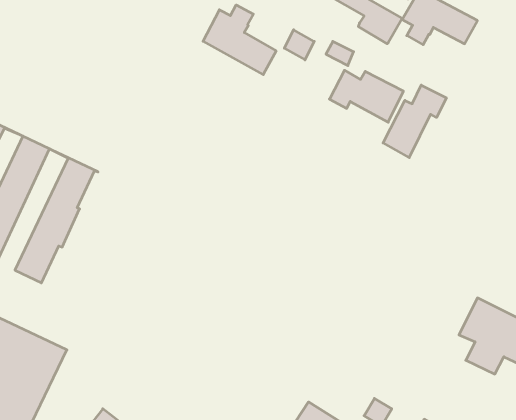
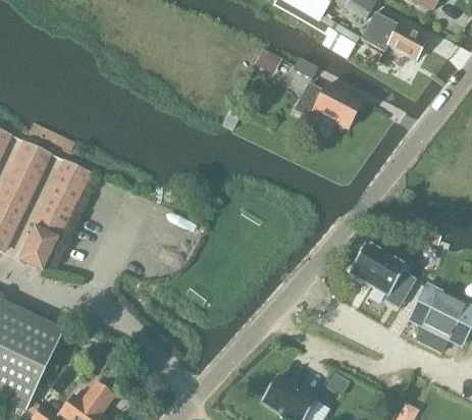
building: [203,5,276,75] -> none
building: [383,85,446,158] -> none
building: none -> [349,241,416,307]

